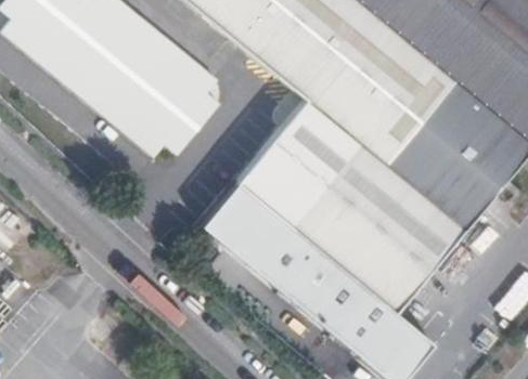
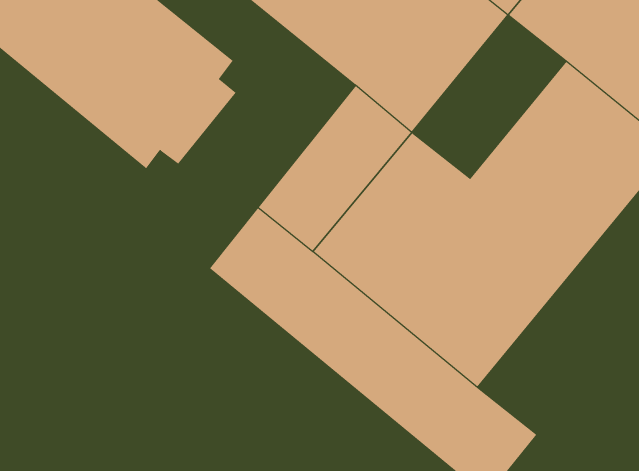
building: [347,49,456,165] -> none

